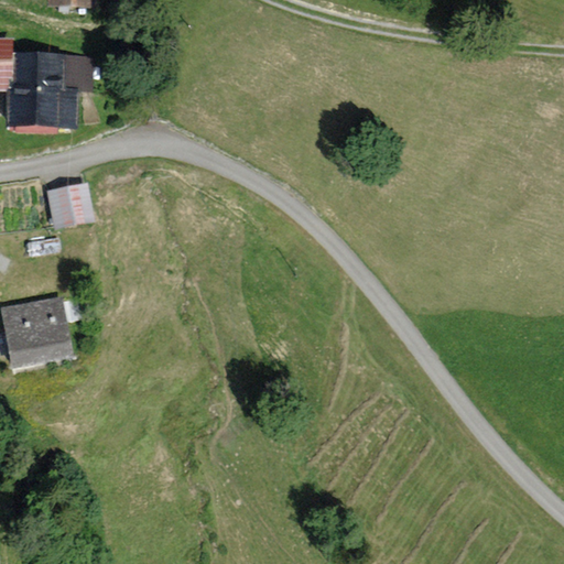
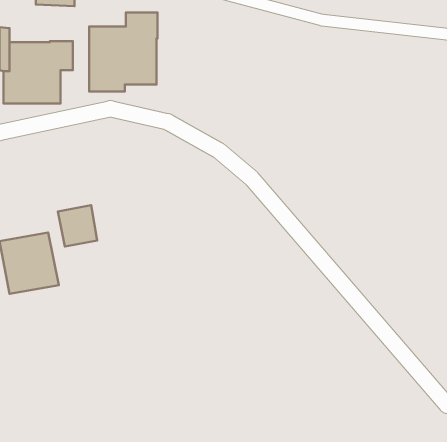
building: none -> [89,12,158,91]
building: [45,180,95,231] -> [58,205,97,246]

